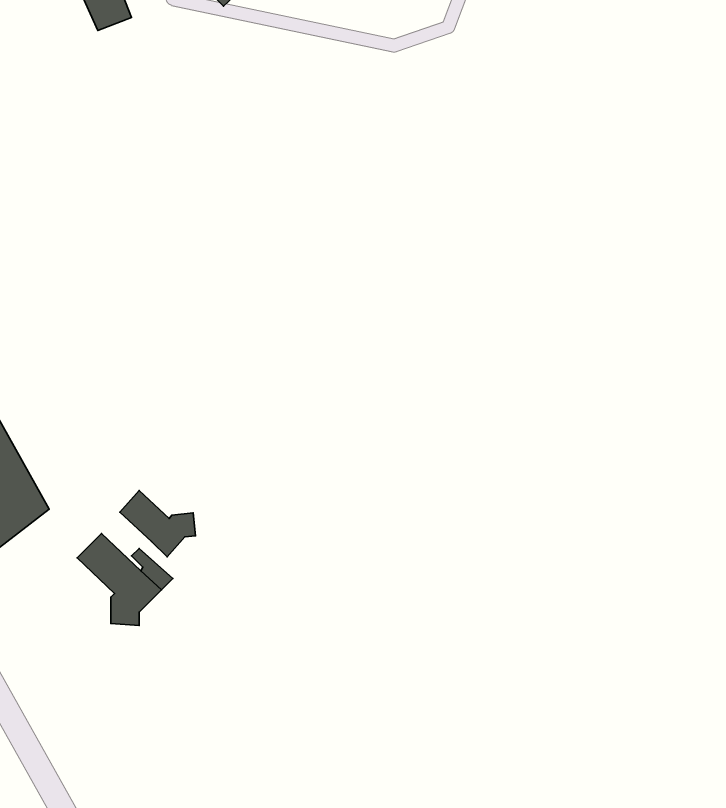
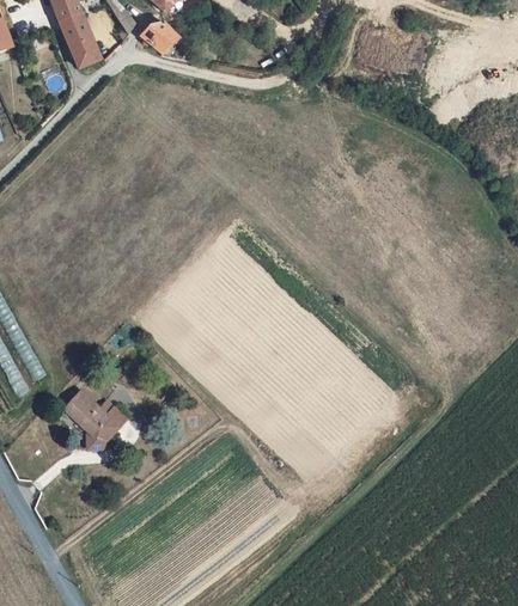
building: [120,491,196,557] -> none

